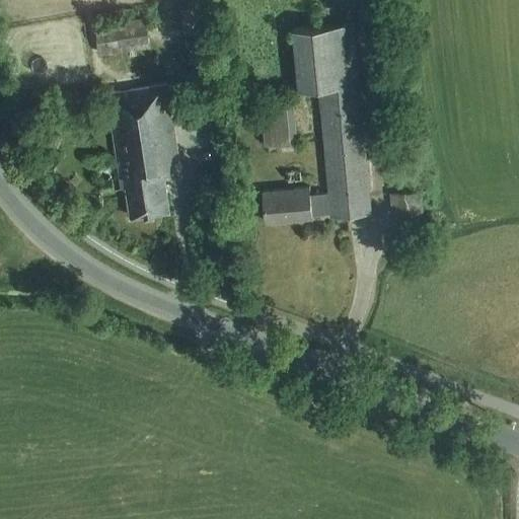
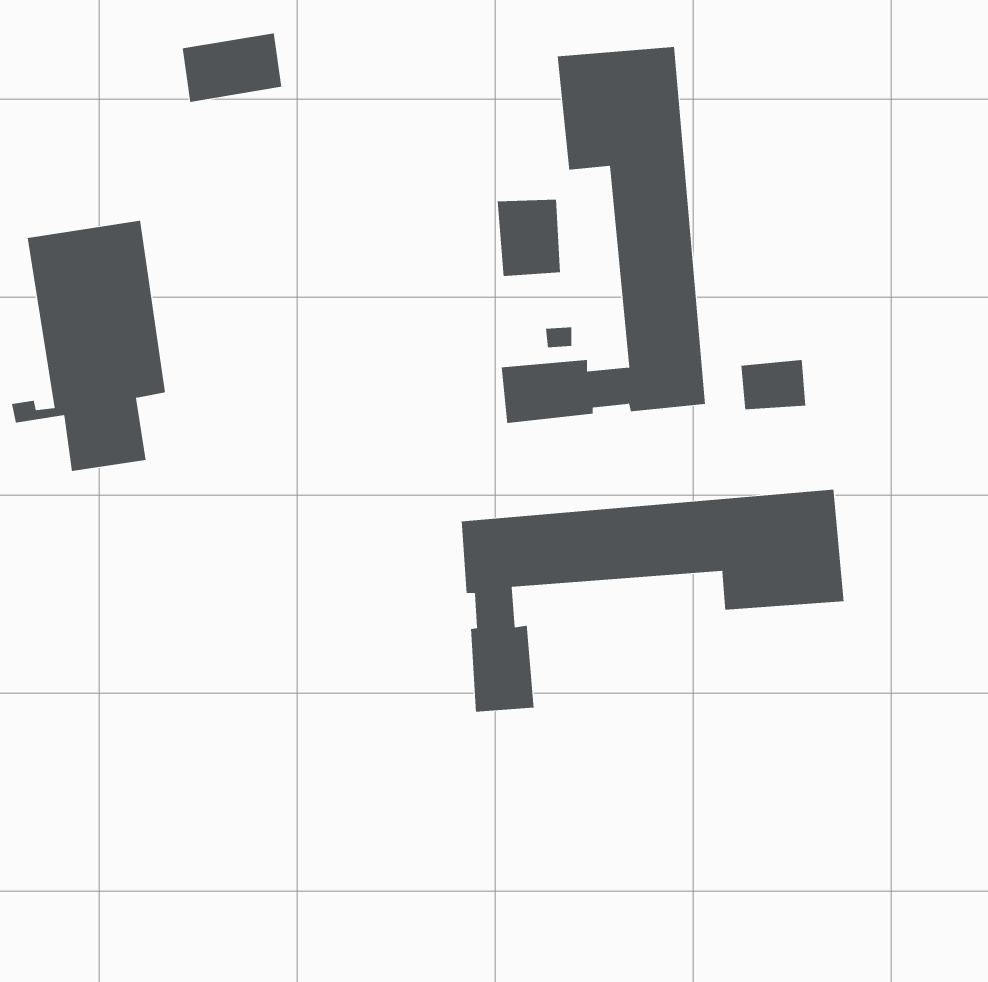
building: [98,88,179,220] -> [11,220,166,472]
building: none -> [461,489,844,712]

